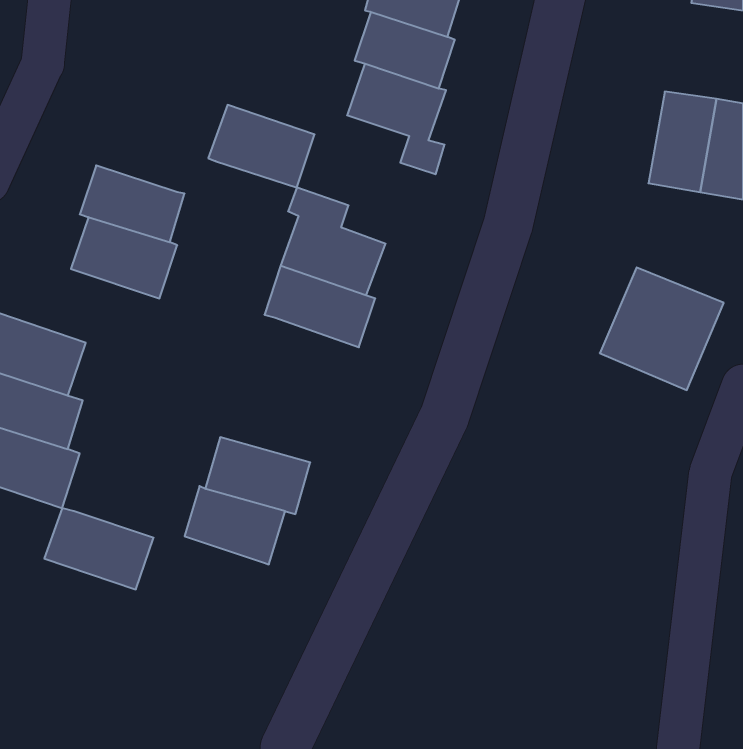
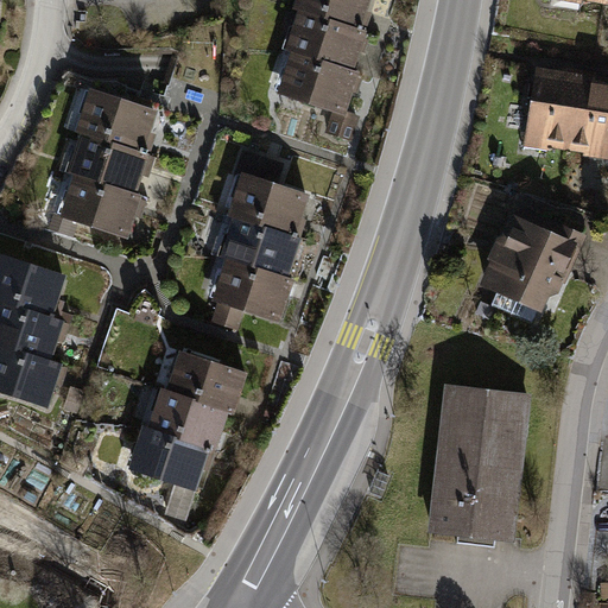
building: [208,105,315,188] -> [71,88,157,154]
building: none -> [207,255,297,331]
building: none -> [420,378,520,536]
building: [44,508,154,589] -> [125,429,213,494]

